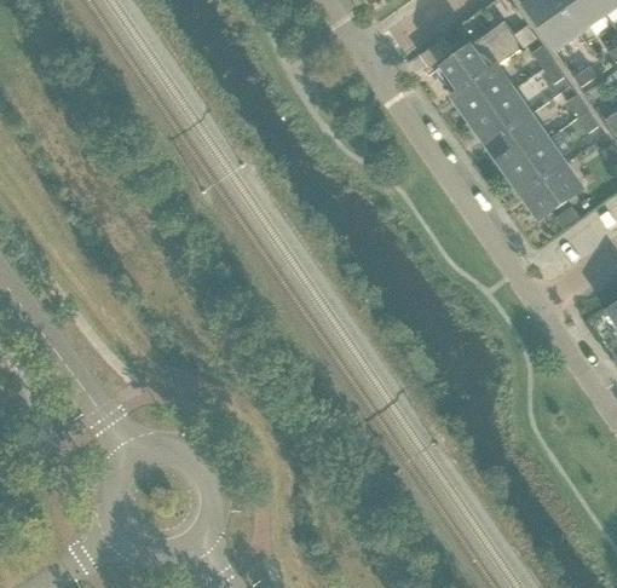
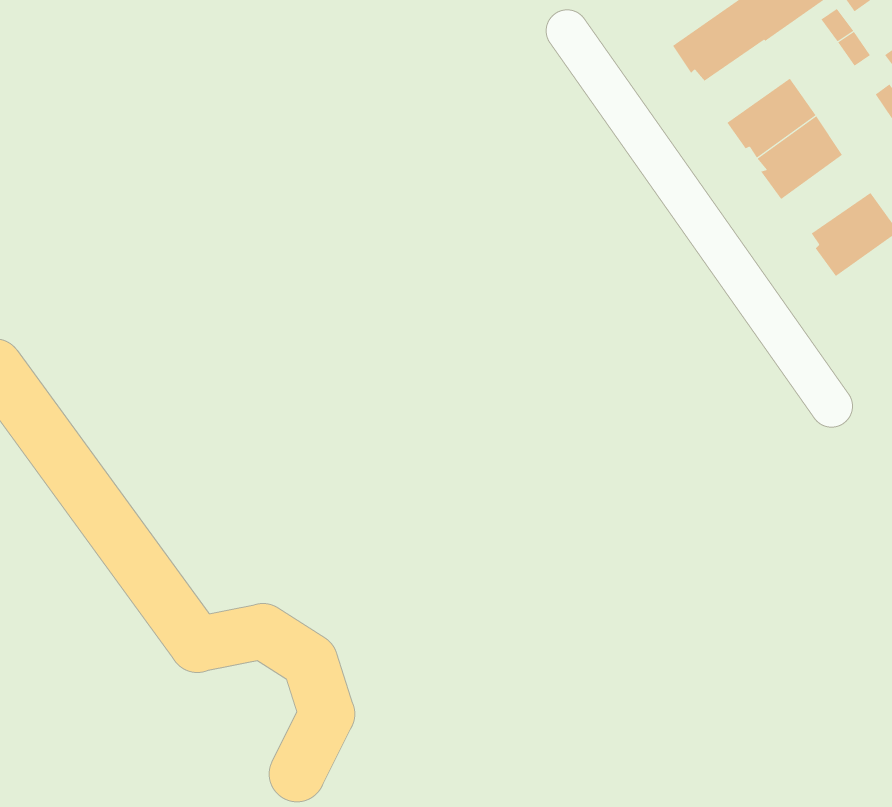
building: [456,65,512,119] -> none
building: [506,139,564,190] -> none

